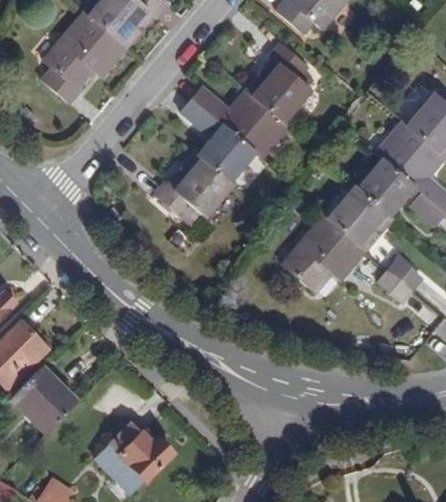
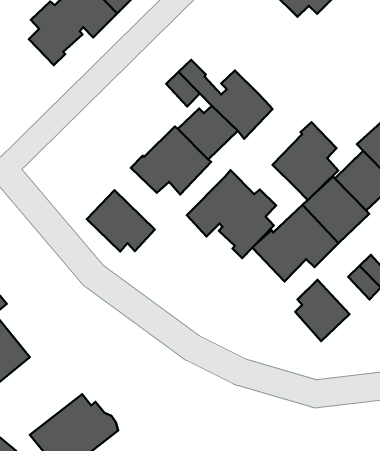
building: [247,45,312,122] -> [273,122,338,200]
building: none -> [187,170,276,258]
building: none -> [87,190,155,251]
building: none -> [295,280,349,341]

